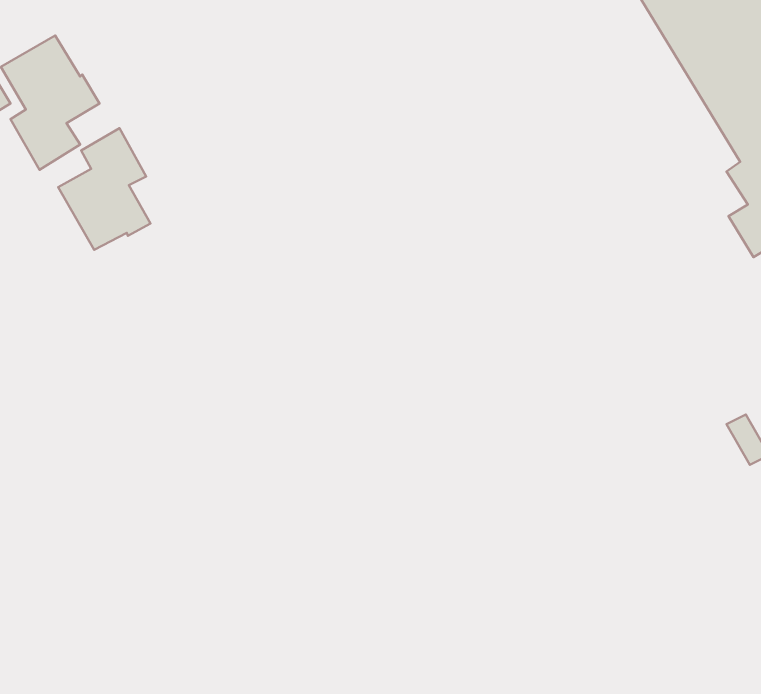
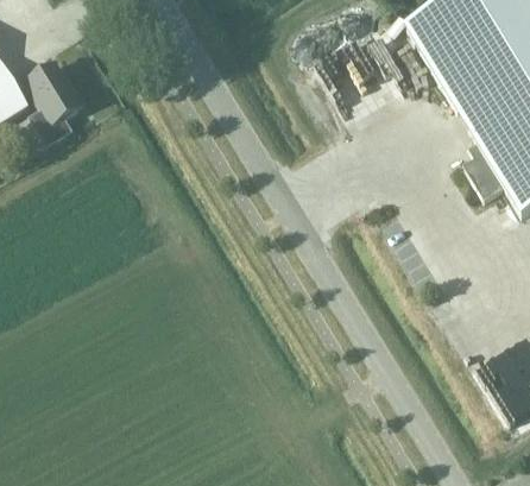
building: [58,128,151,250] -> none

